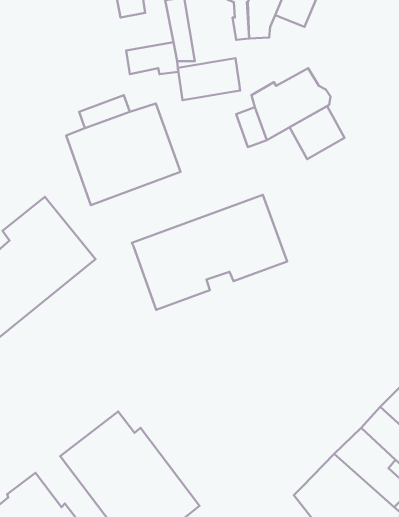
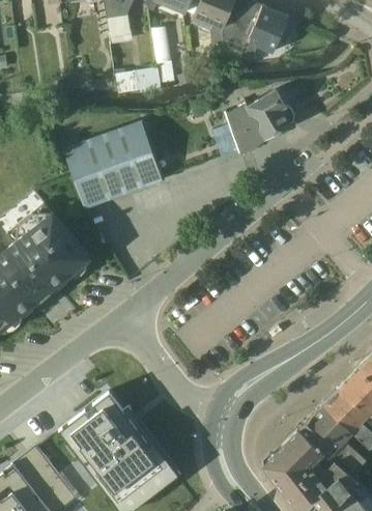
building: [178,58,240,100] -> none
building: [290,106,345,159] -> none
building: [132,195,287,310] -> none

